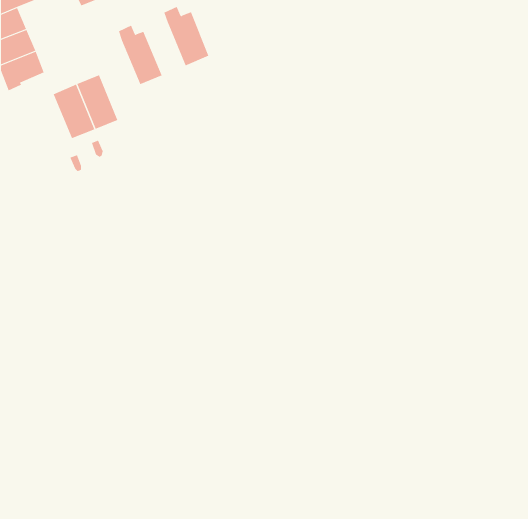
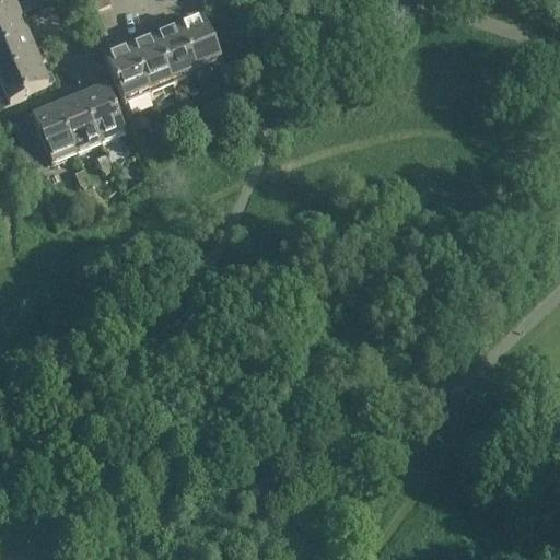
building: none -> [150,16,197,80]
building: none -> [101,36,149,100]
building: none -> [18,100,77,156]

